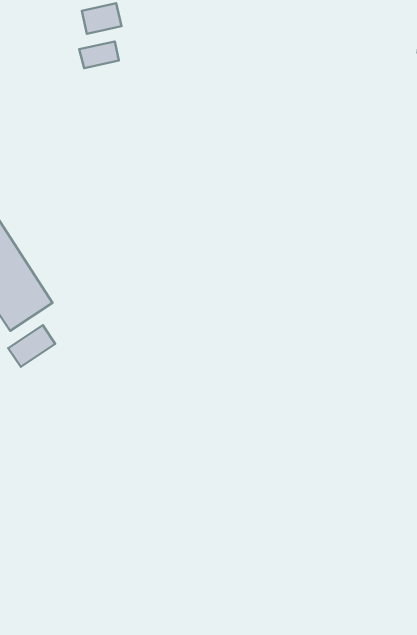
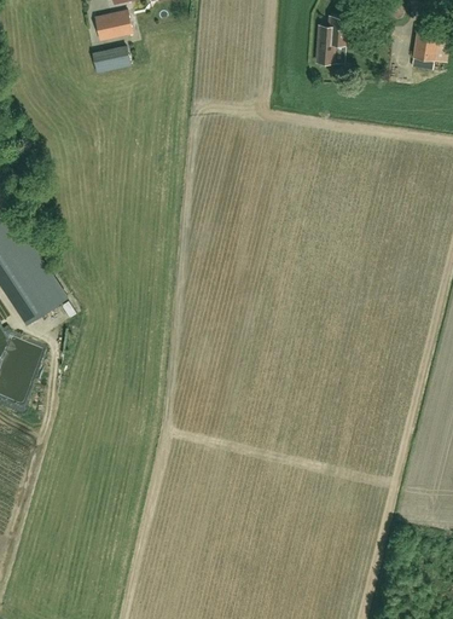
building: none -> [316,17,349,64]
building: [8,325,55,367] -> none

